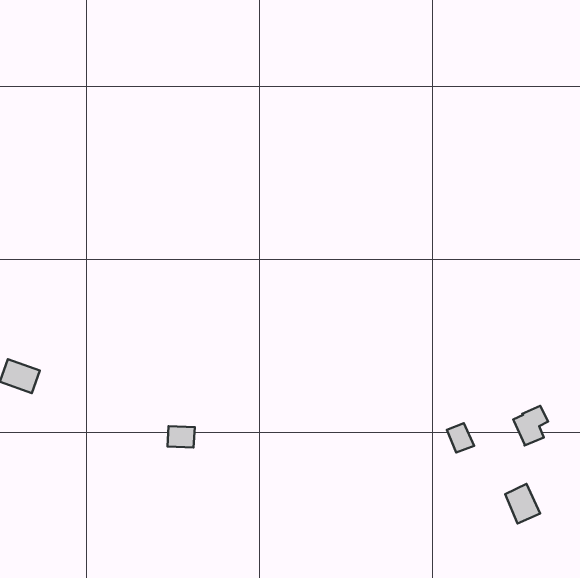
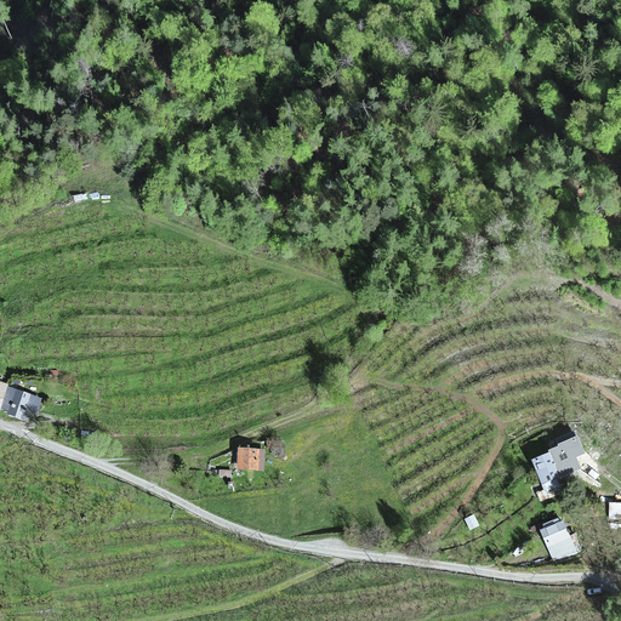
building: [447,423,474,453] -> [531,451,560,483]
building: [167,426,195,448] -> [237,446,266,469]

